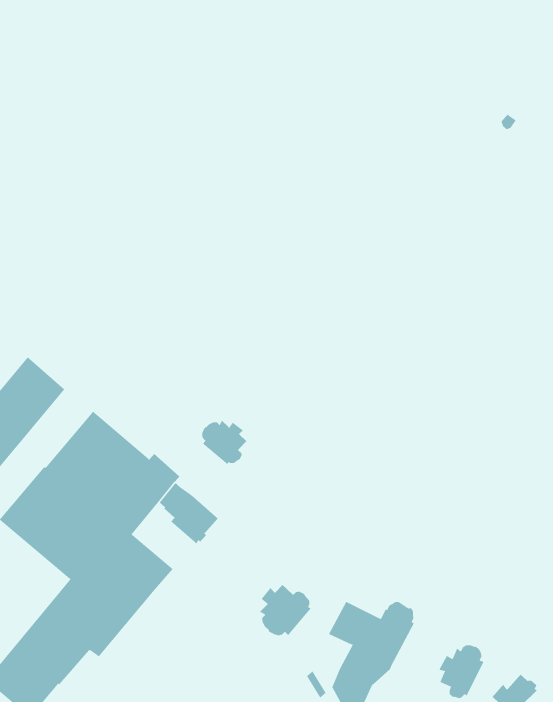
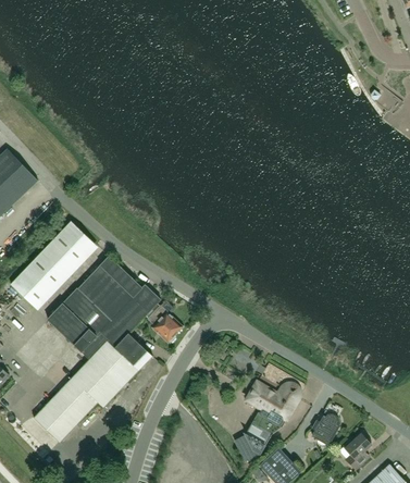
building: [202,420,247,465] -> none
building: [259,584,312,636] -> none

